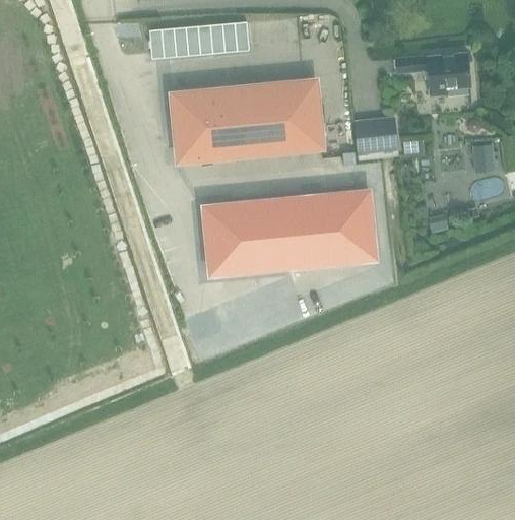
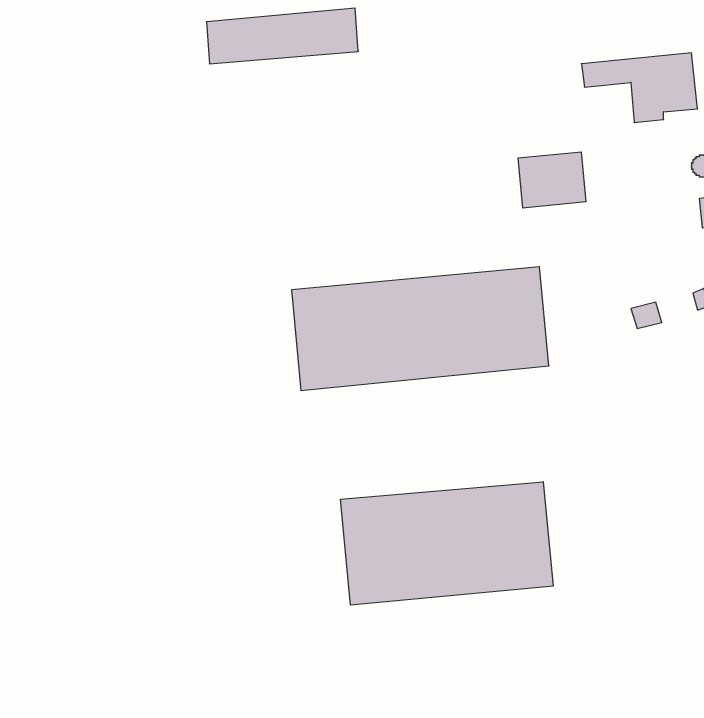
building: [172,81,321,161] -> none
building: none -> [341,482,553,605]

